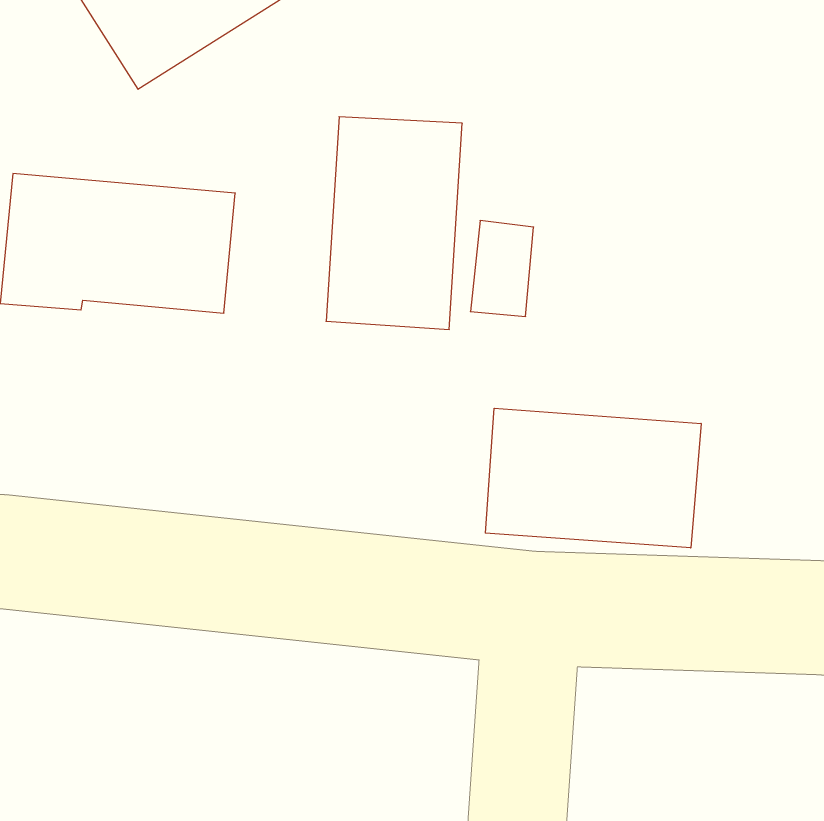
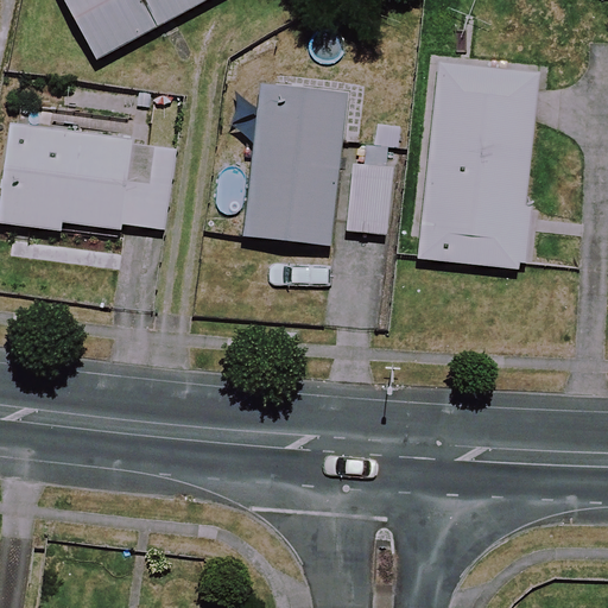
building: none -> [422,62,536,265]
building: [485,408,701,548] -> none

